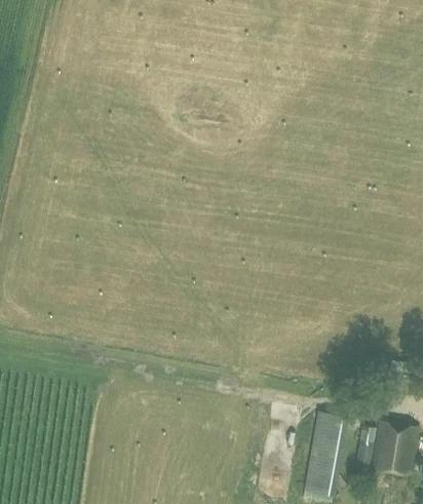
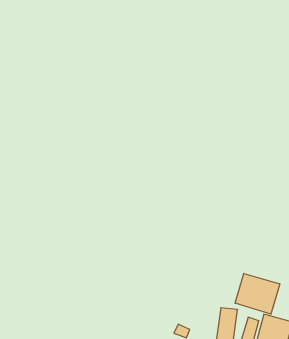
building: none -> [235,273,280,314]

